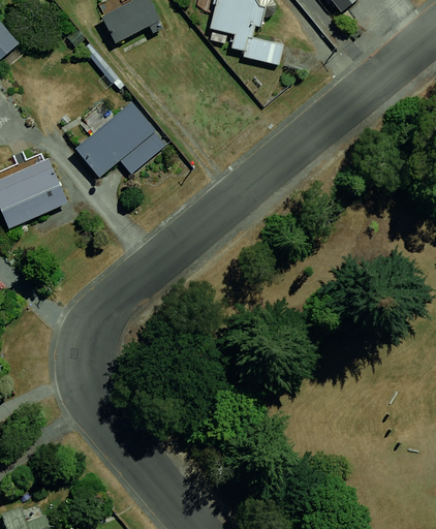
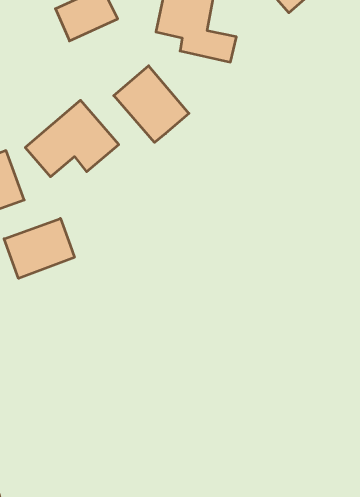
building: none -> [114,66,189,142]
building: none -> [4,218,74,278]

